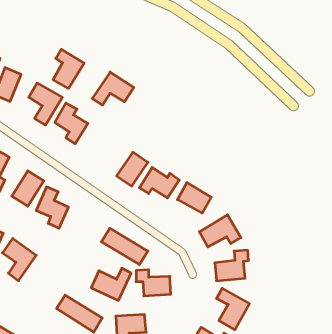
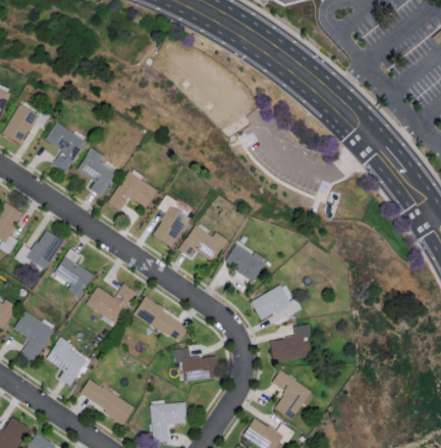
building: [53,49,84,88] -> none
building: [92,72,134,105] -> [108,171,158,211]
building: none -> [46,336,87,386]
building: [91,268,131,300] -> [87,284,134,322]

